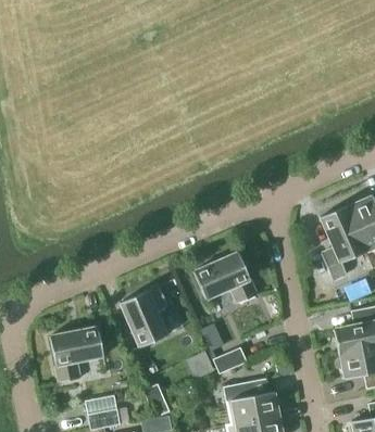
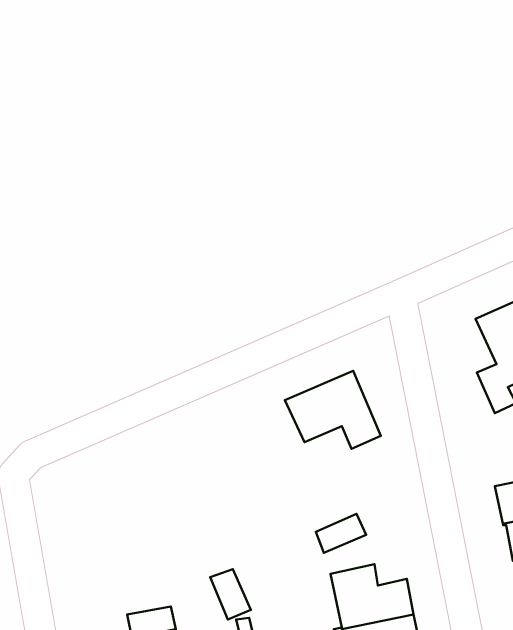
building: [120,285,167,347] -> none
building: [49,327,103,382] -> none

